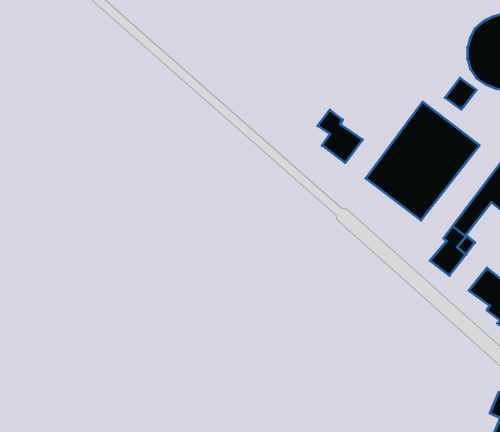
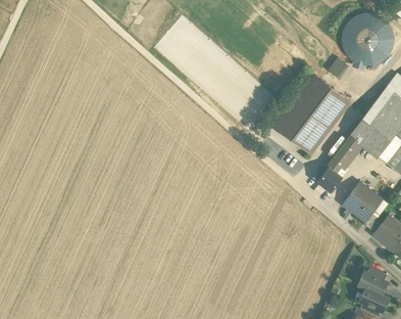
building: [318,110,363,163] -> none

